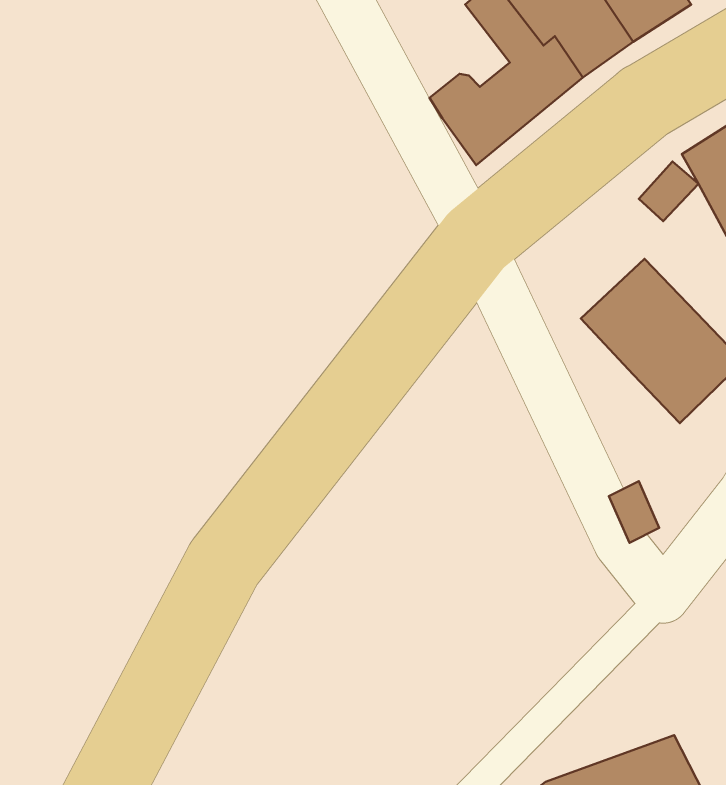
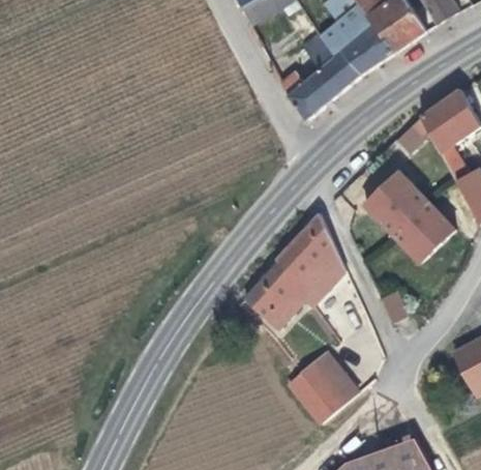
building: none -> [244,213,345,329]
building: none -> [293,355,359,424]

